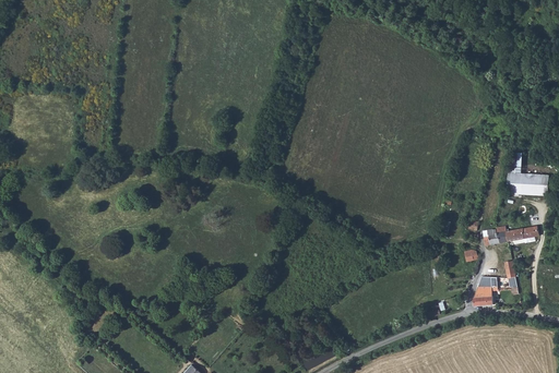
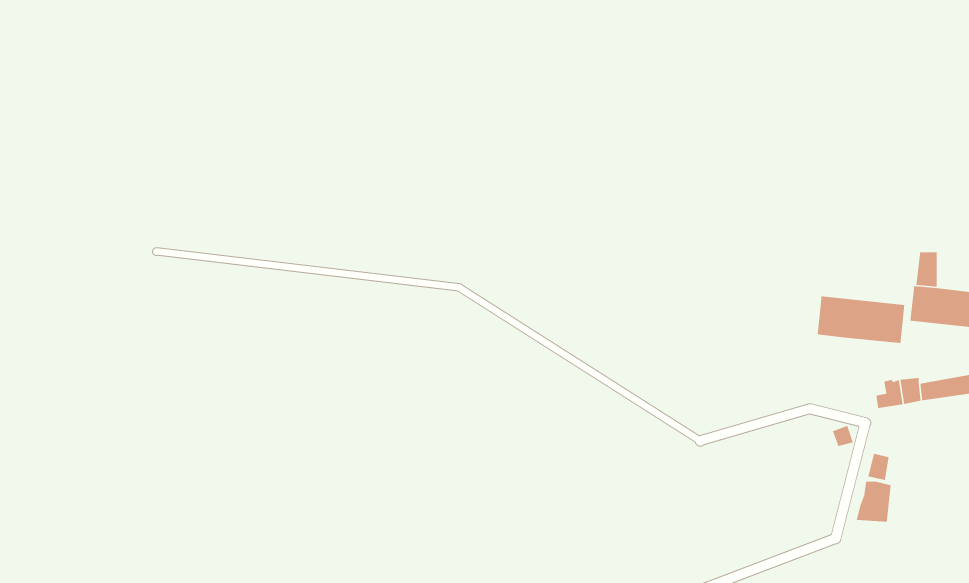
building: none -> [817,296,905,344]

